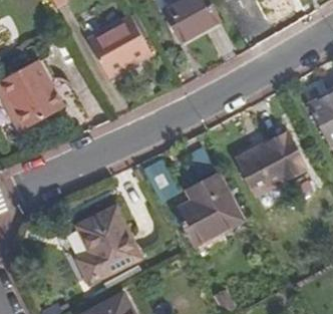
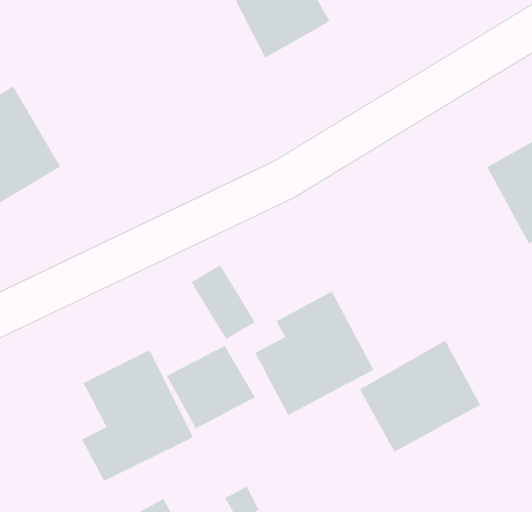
building: [86,14,152,78] -> none
building: [236,131,305,196] -> [359,340,481,453]
building: none -> [166,345,256,429]

